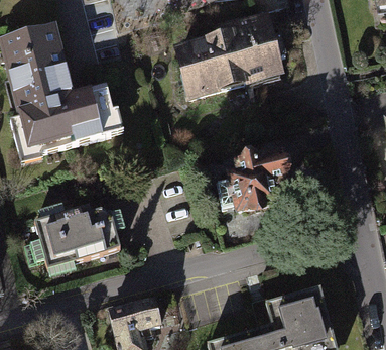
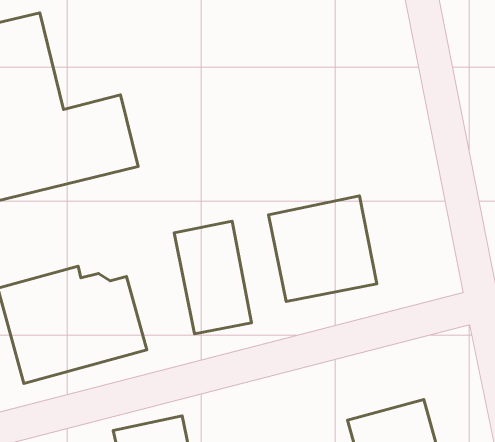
building: [173,17,279,98] -> none
building: none -> [174,221,252,334]

